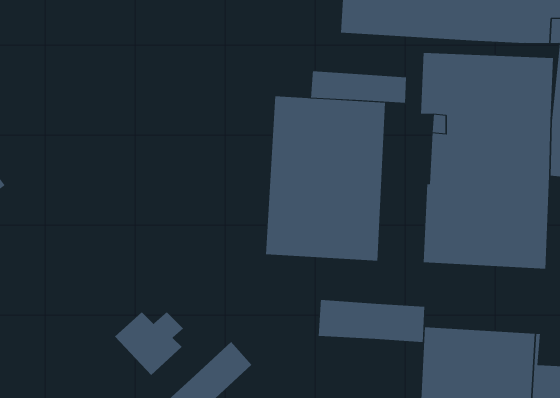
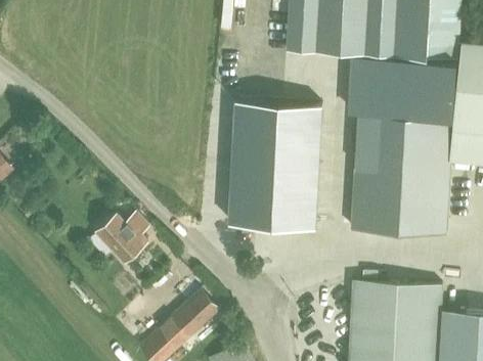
building: [311,71,407,104] -> none
building: [318,299,425,343] -> none
building: [114,312,184,376] -> [95,215,149,265]

